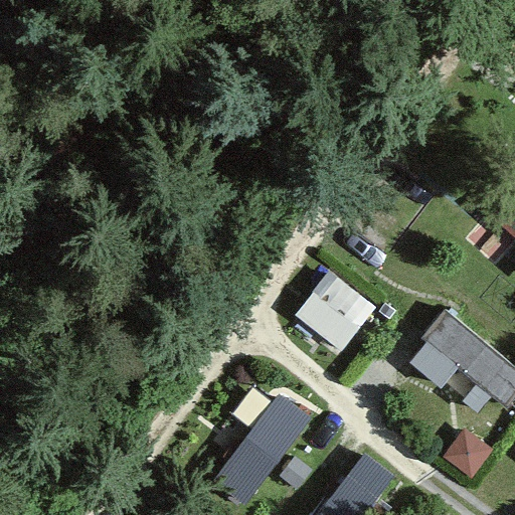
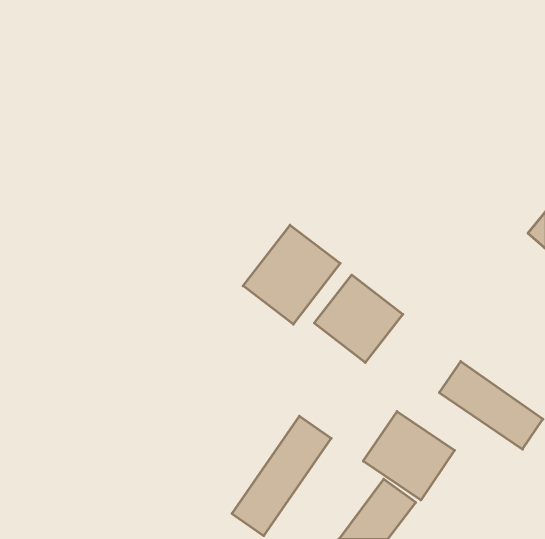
building: none -> [243,225,340,324]
building: none -> [363,411,455,500]

